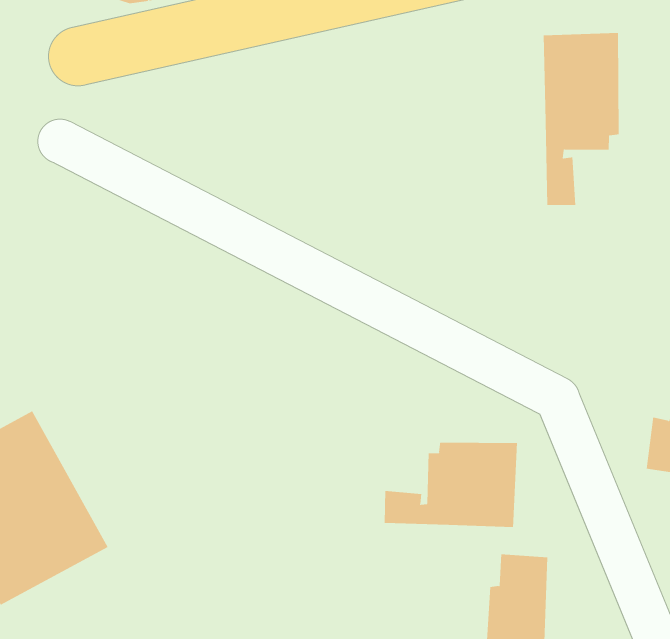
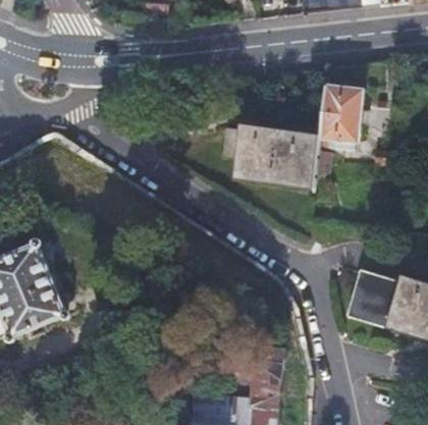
building: none -> [225,117,322,182]
building: [384,442,517,528] -> none

